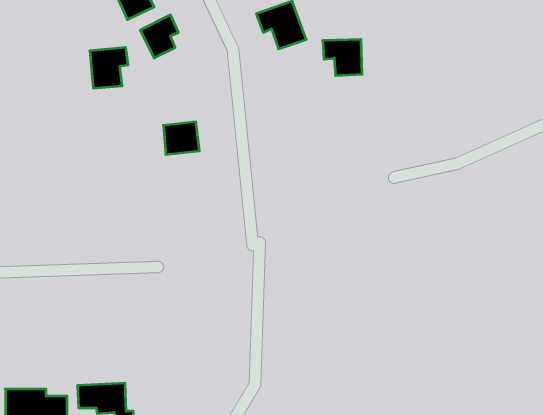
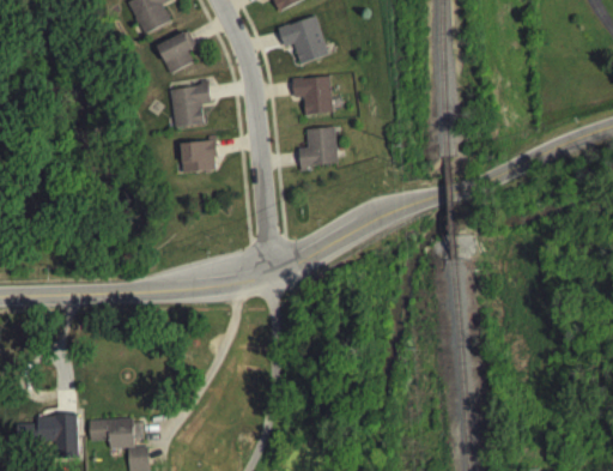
building: [323,39,362,75] -> [291,78,332,115]
building: [90,47,128,88] -> [171,85,211,127]
building: none -> [298,128,336,167]

